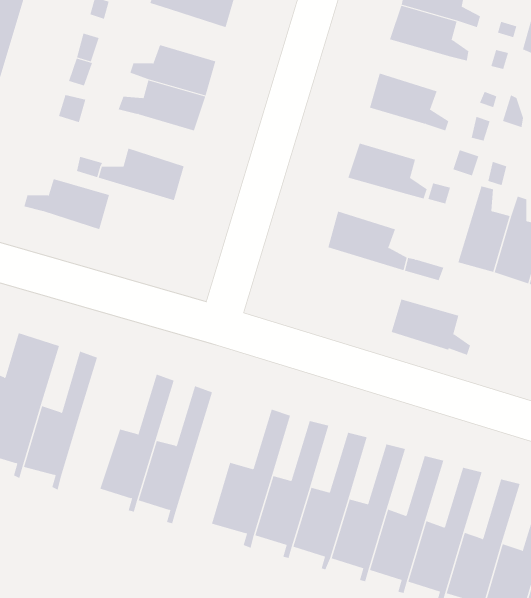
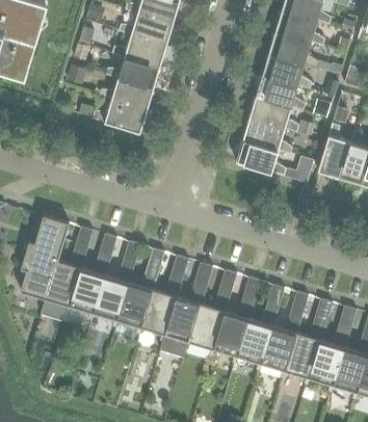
building: none -> [119,14,173,46]
building: none -> [268,32,318,68]
building: none -> [256,75,306,111]
building: [23,178,110,230] -> [99,79,153,111]
building: [391,299,471,356] -> [242,118,292,154]
building: none -> [70,234,116,321]
building: none -> [141,256,186,342]

